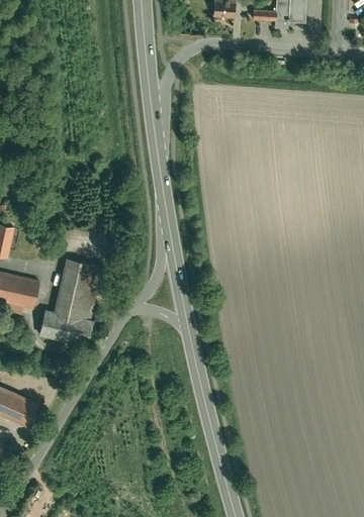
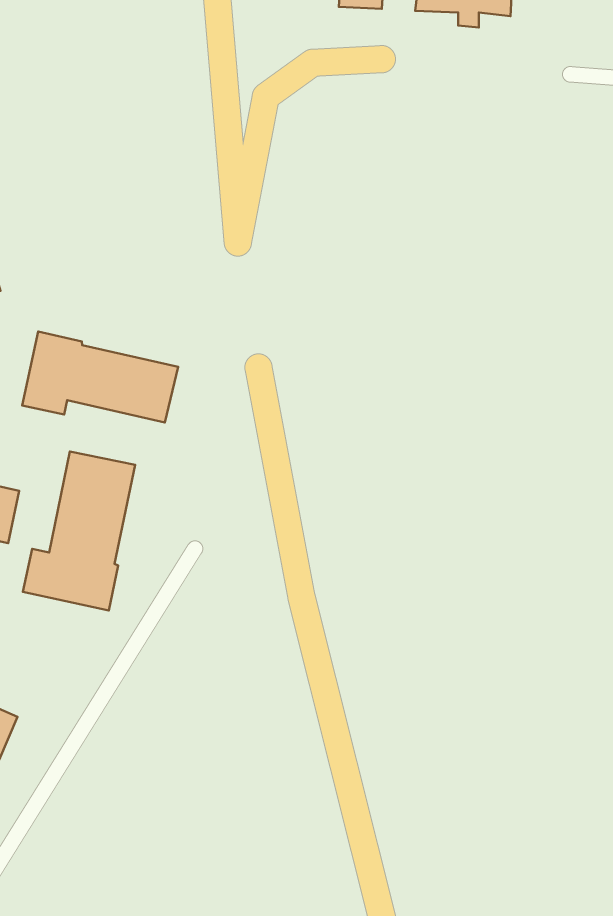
building: none -> [22,332,178,423]

